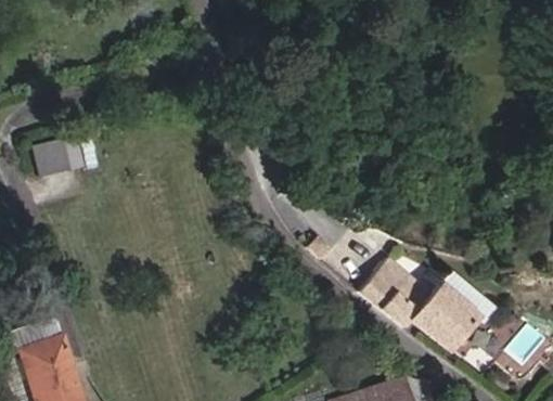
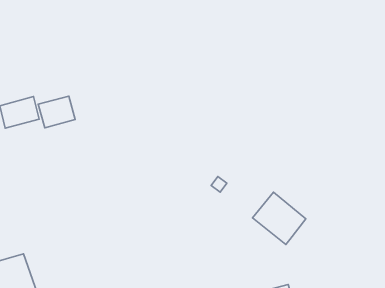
building: none -> [38,96,75,128]
building: [411,274,487,350] -> none

